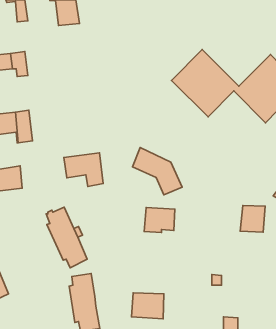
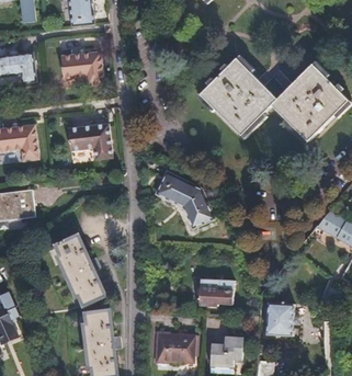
building: none -> [61,54,105,90]
building: [64,153,103,186] -> [68,124,113,162]
building: [240,205,265,232] -> [264,296,293,327]
building: [144,207,175,232] -> [198,277,234,306]
building: none -> [208,337,241,366]

